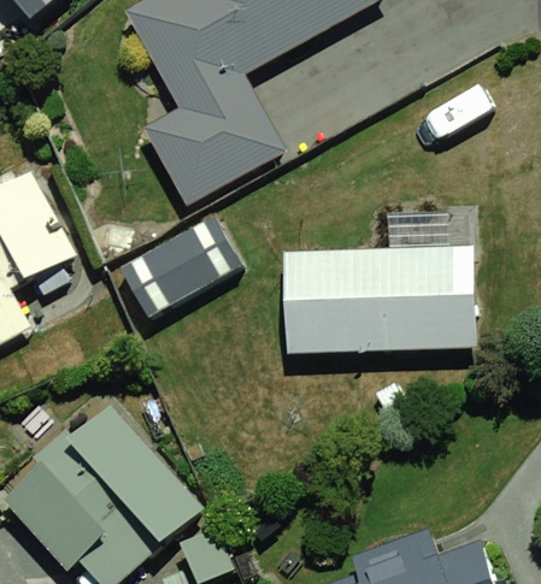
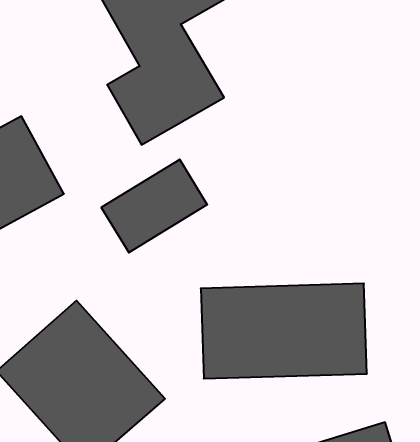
building: [278,240,482,356] -> [201,283,367,379]

